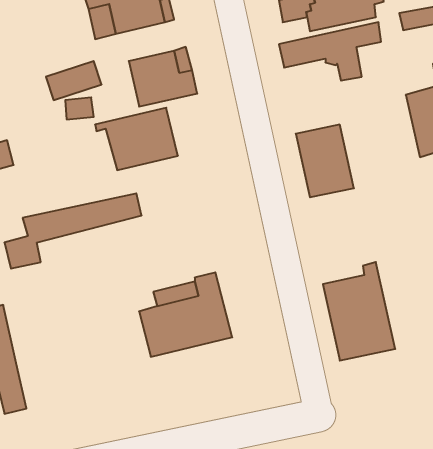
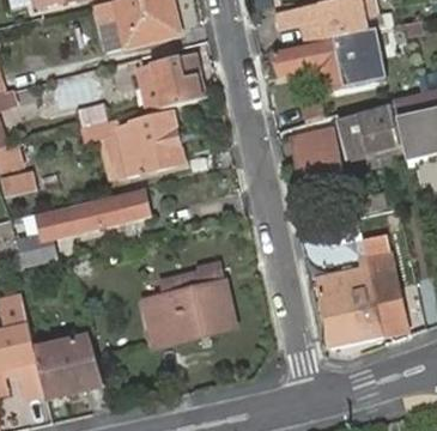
building: none -> [336,108,400,157]
building: none -> [365,250,406,335]
building: none -> [32,335,103,396]

